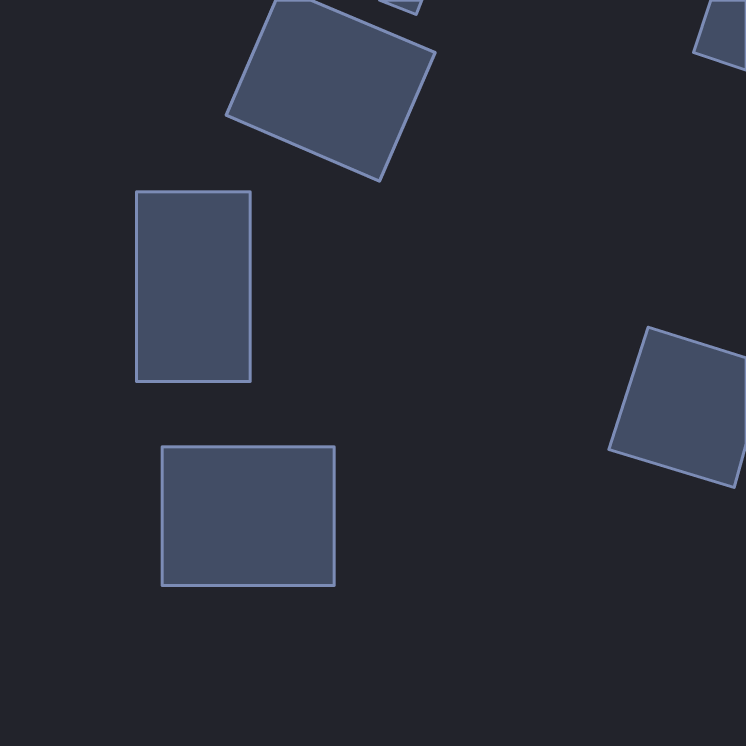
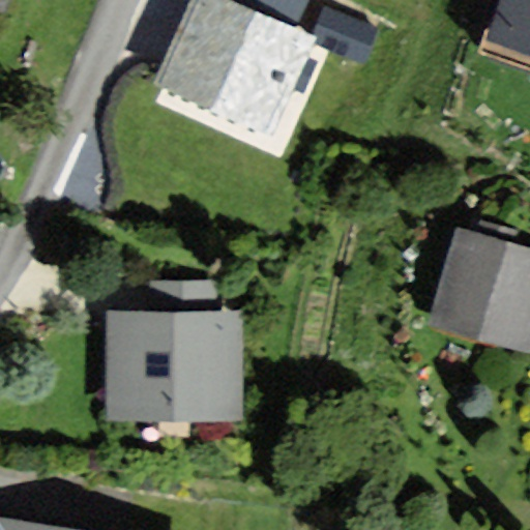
building: [137,192,250,381] -> none

